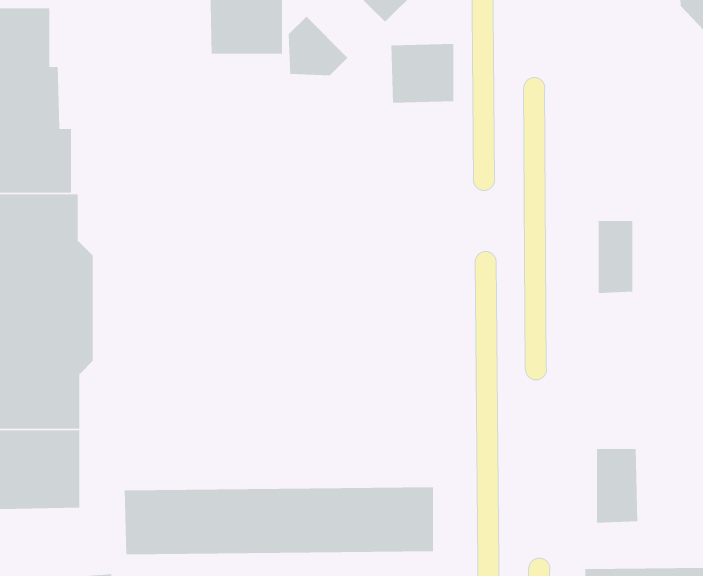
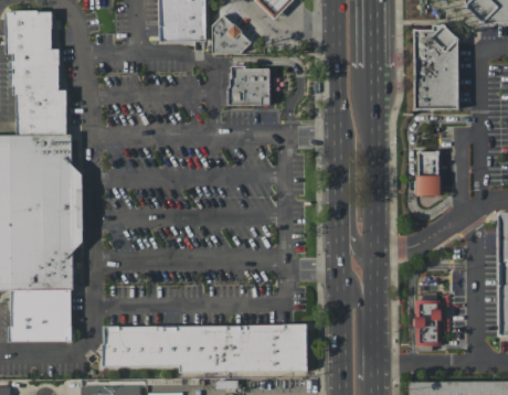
building: none -> [415,29,461,111]
building: [390,43,454,103] -> [231,66,273,106]

